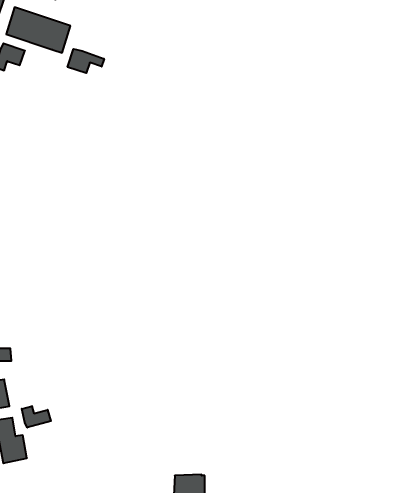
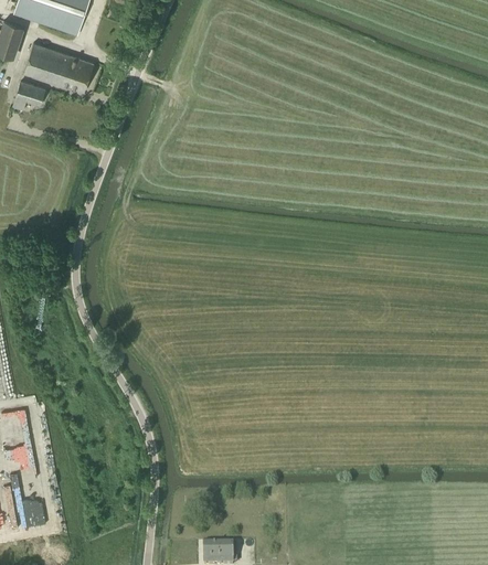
building: [68,49,104,73] -> none
building: [22,406,51,428] -> none

